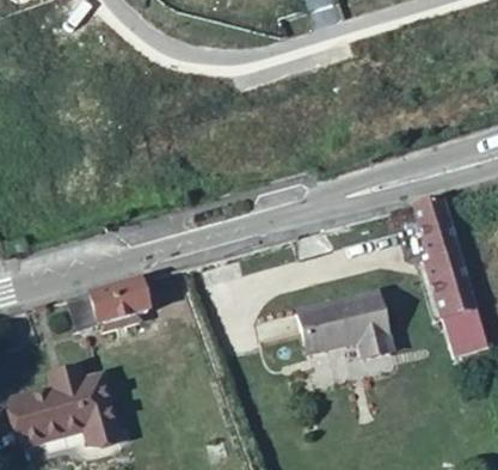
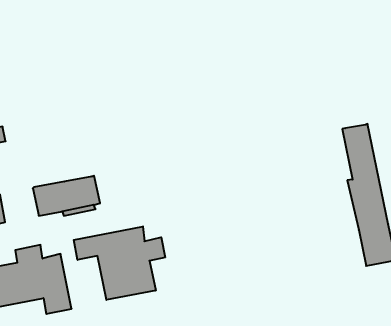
building: [297,292,391,358] -> none
building: none -> [74,226,165,300]

